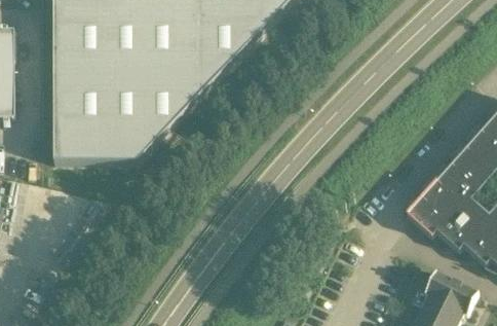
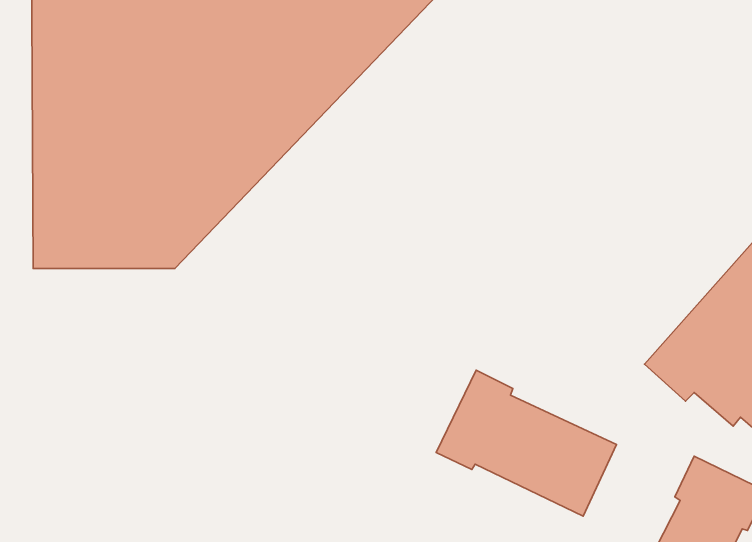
building: none -> [436,370,617,516]

